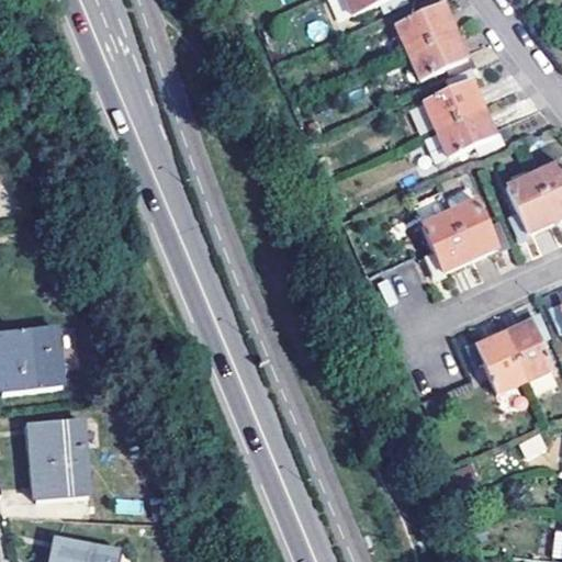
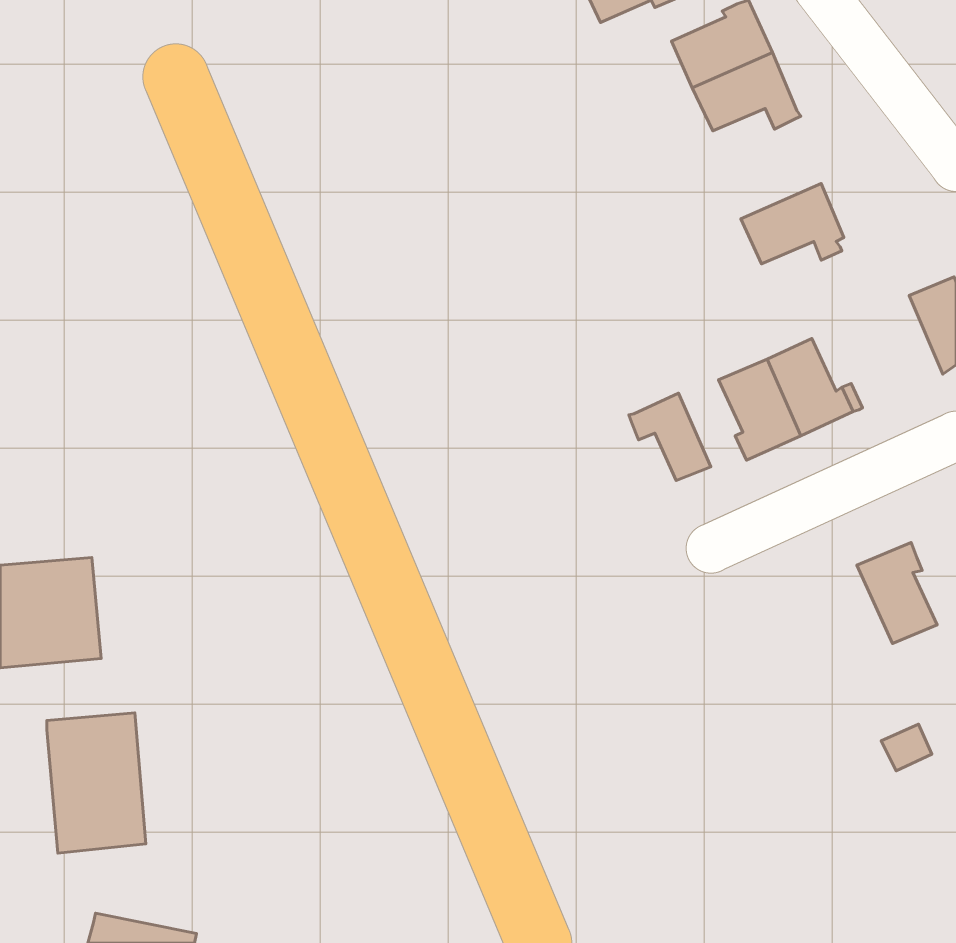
building: [423,70,482,128] -> none
building: [506,173,553,233] -> none
building: none -> [629,393,711,481]
building: [472,331,524,390] -> none

